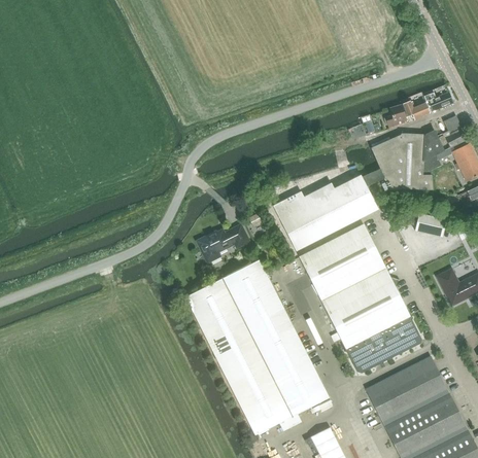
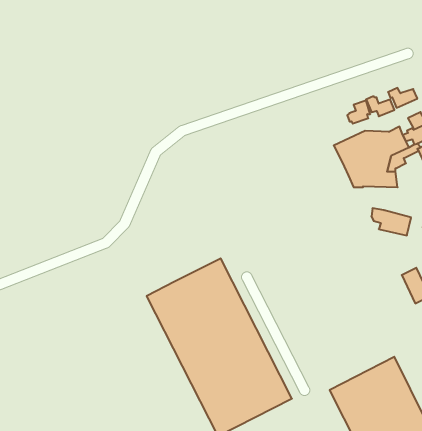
building: [273,169,385,251] -> none
building: [197,223,250,262] -> none
building: [300,224,421,375] -> none

